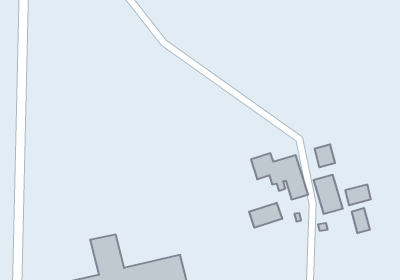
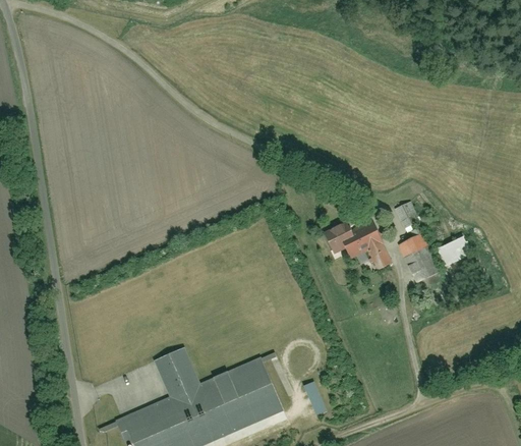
building: [249,203,282,228] -> none
building: [352,208,370,233] -> none

